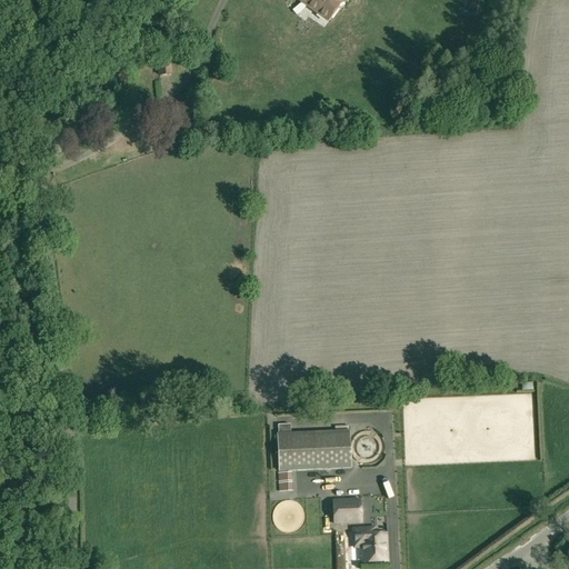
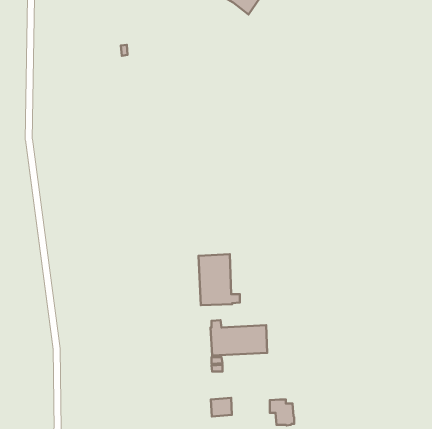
building: none -> [199,254,240,305]
building: [333,497,361,521] -> [211,398,232,416]

